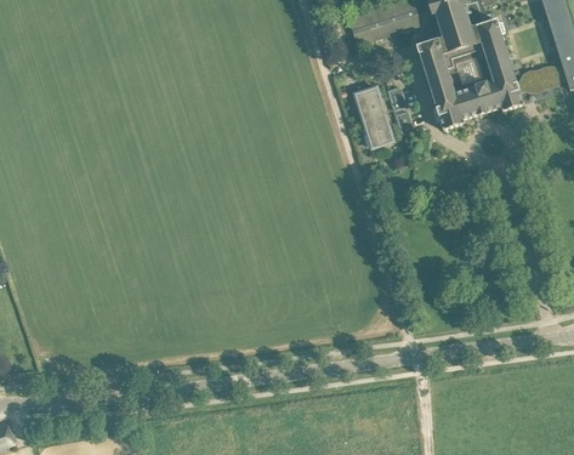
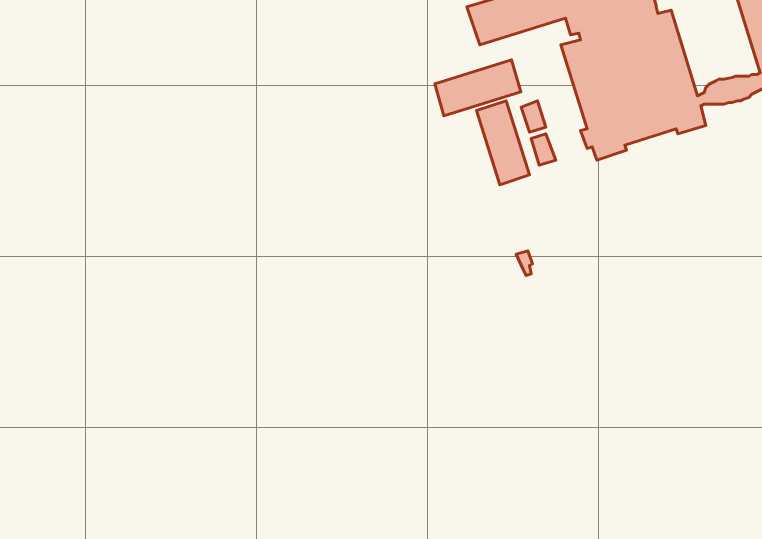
building: none -> [435,60,521,116]

